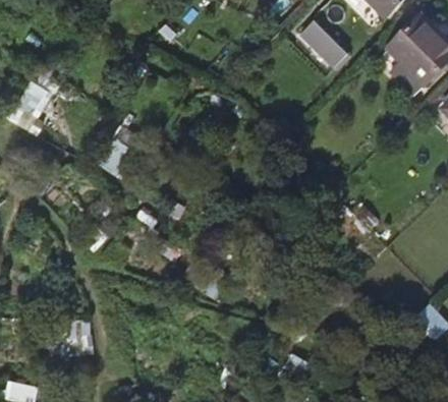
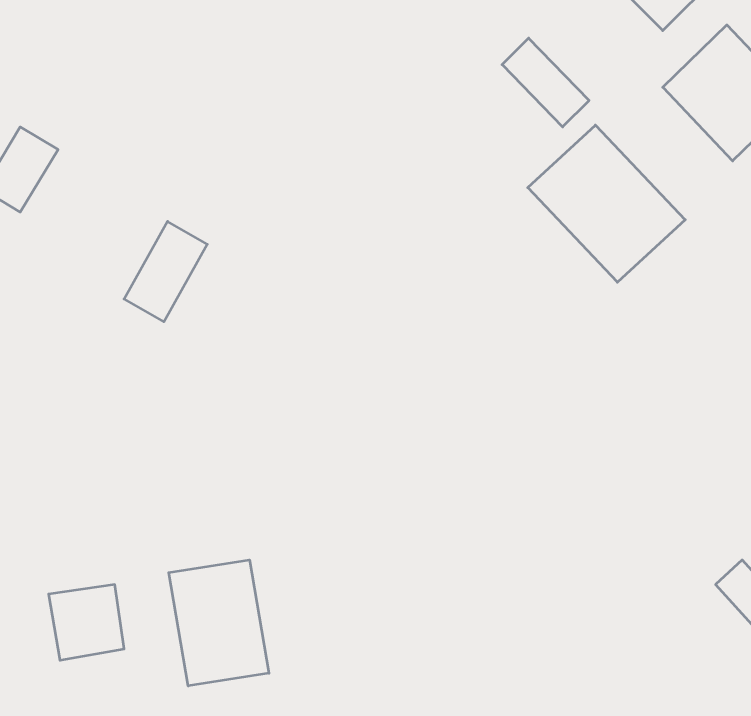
building: none -> [528,125,685,282]
building: none -> [169,560,269,686]

